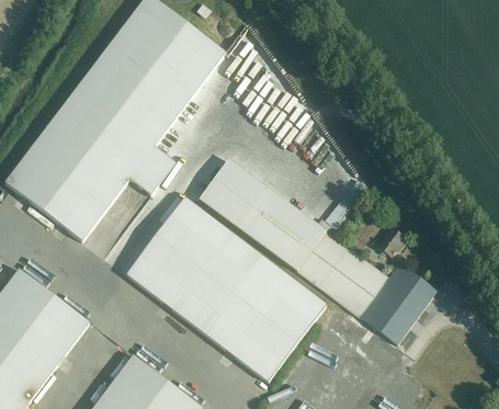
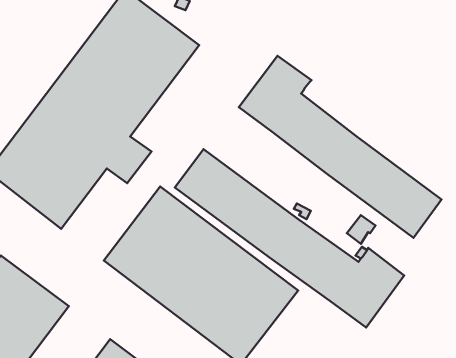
building: none -> [239,56,442,238]

